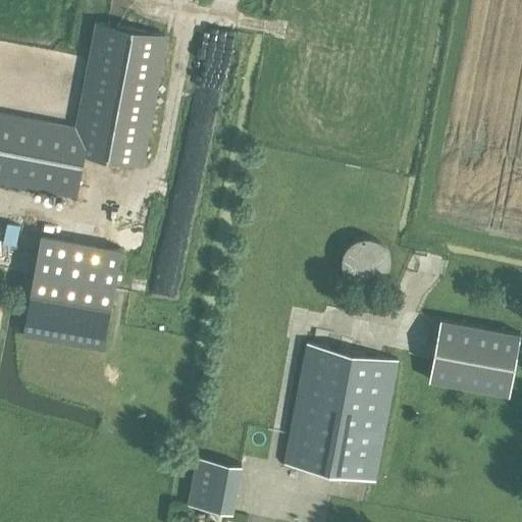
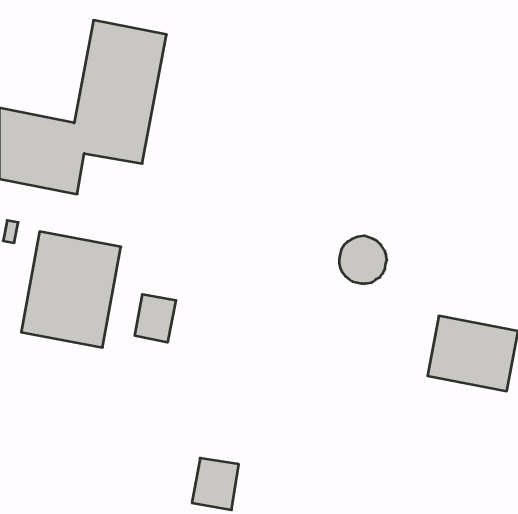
building: none -> [135,294,176,342]
building: [284,346,398,483] -> none

